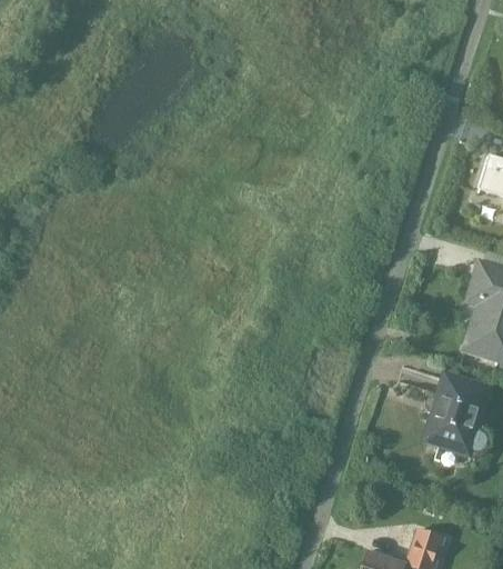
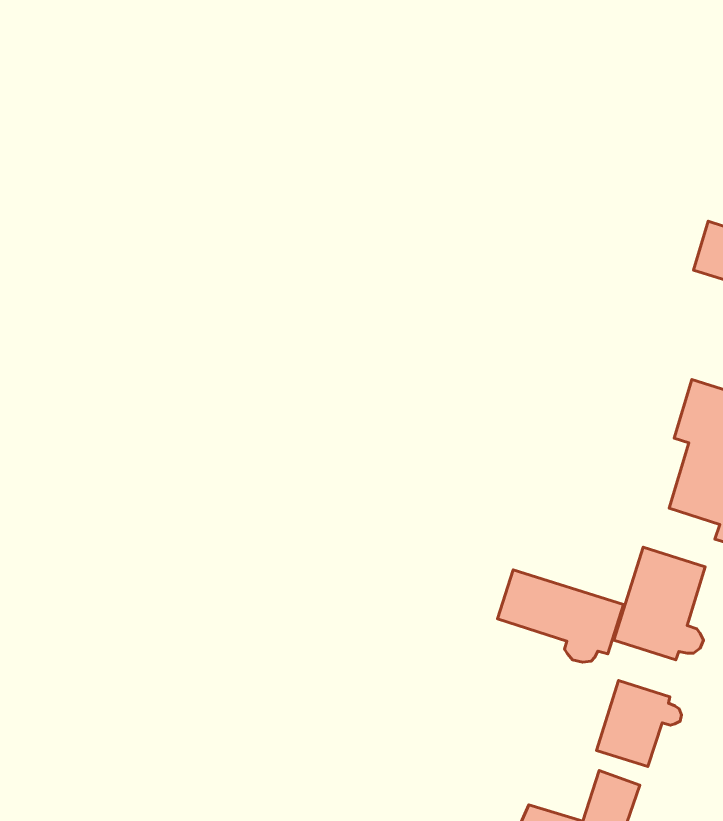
building: none -> [497,570,623,662]
building: none -> [597,680,682,767]

